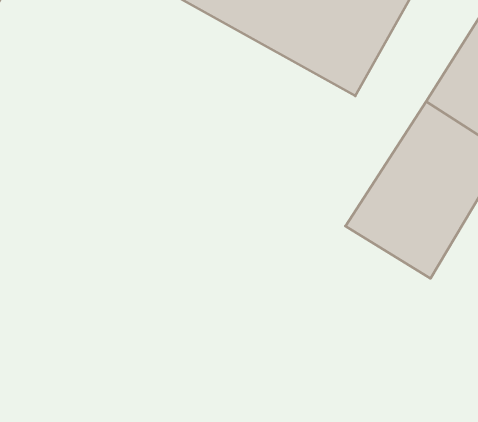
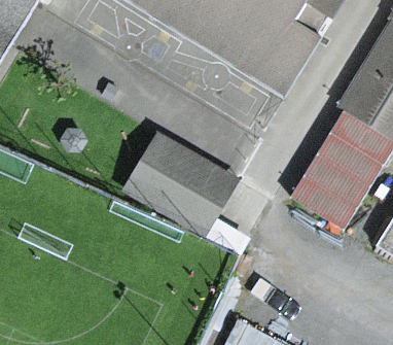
building: none -> [128,117,242,223]

